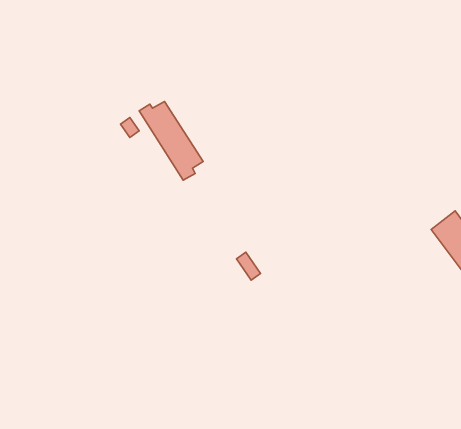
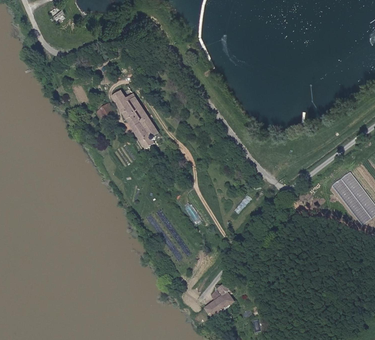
building: none -> [204,283,236,318]

